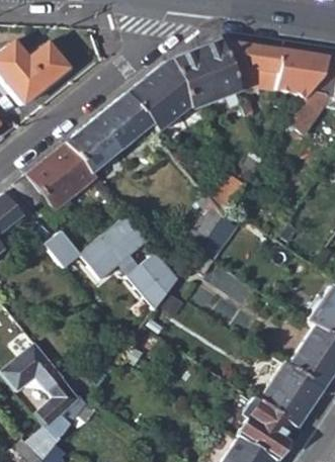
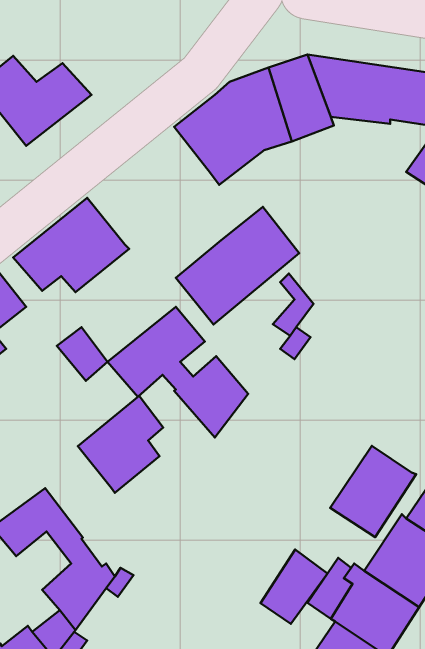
building: [67,91,153,173] -> [176,207,299,324]
building: none -> [78,396,163,493]
building: none -> [330,446,416,537]
building: none -> [260,550,328,624]

